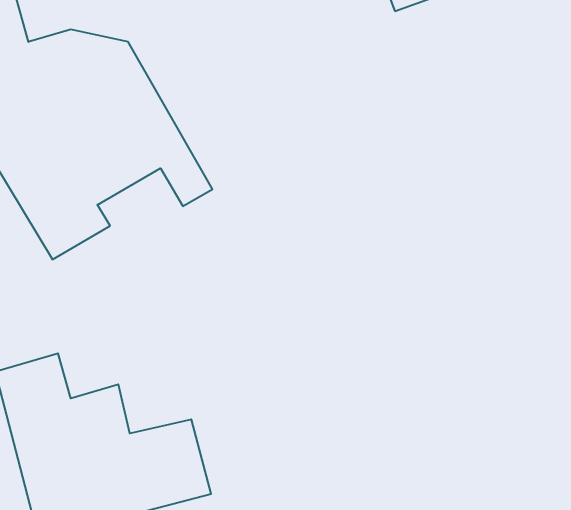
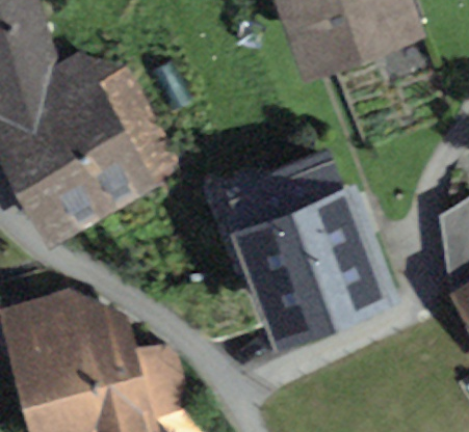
building: none -> [235,168,368,326]

